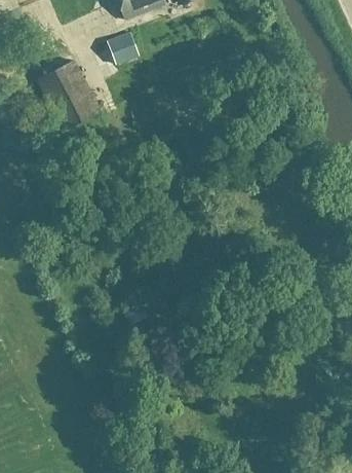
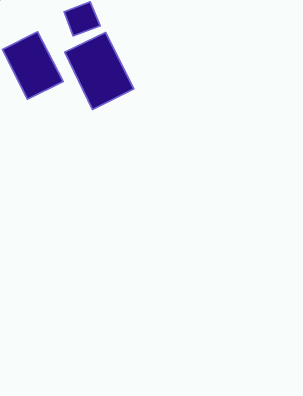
building: none -> [65,33,134,110]

